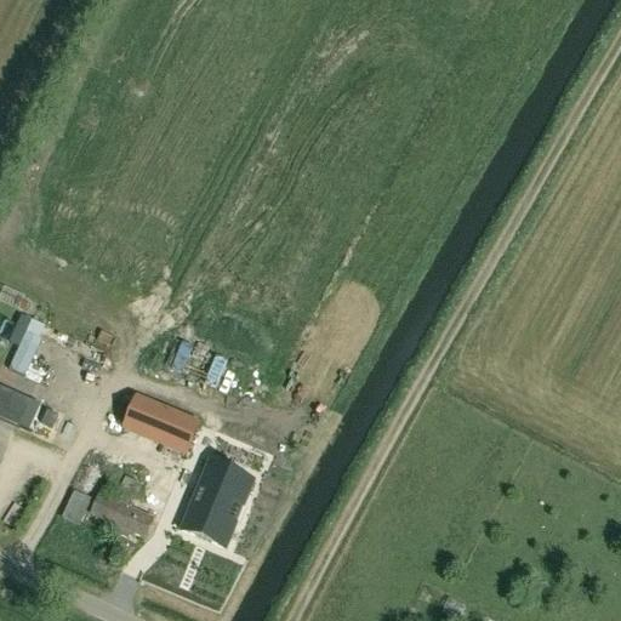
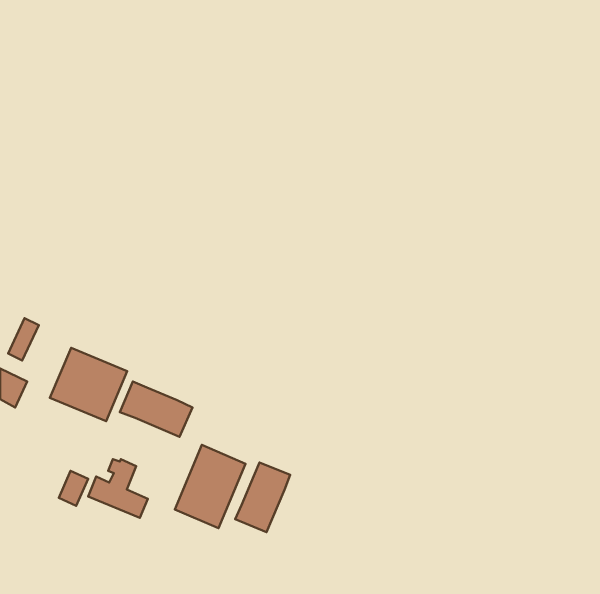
building: none -> [50,348,127,421]
building: none -> [235,462,290,532]

